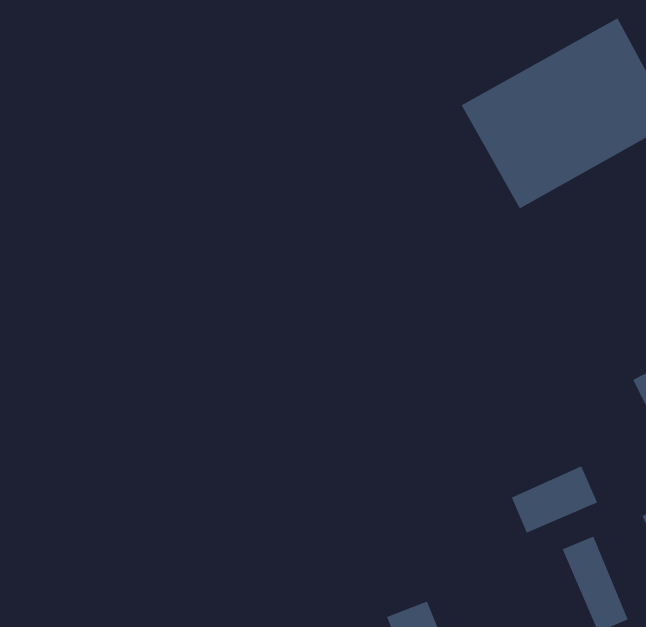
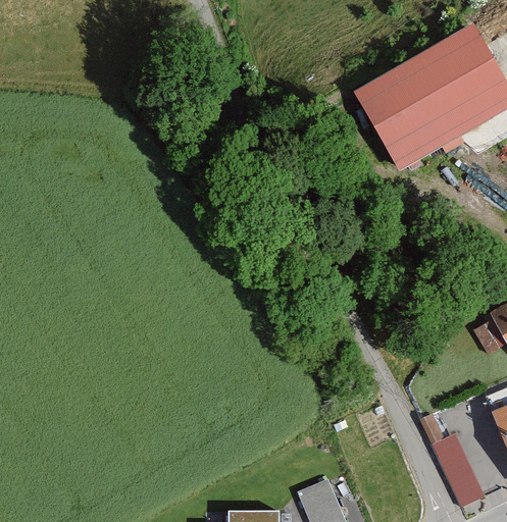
building: [511,466,598,533] -> none

